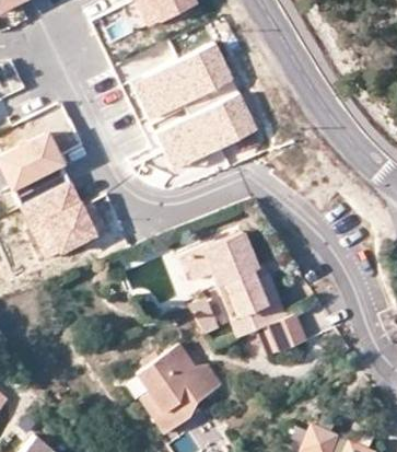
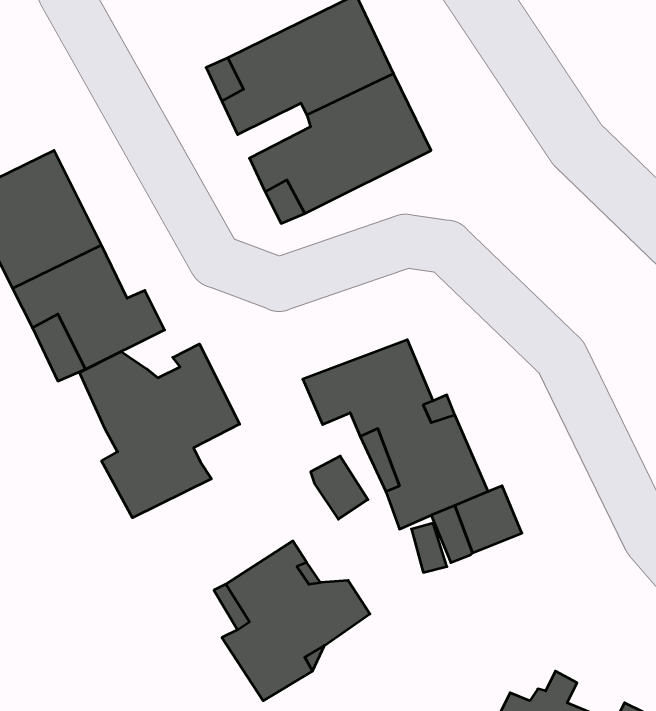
building: none -> [79,344,240,518]

